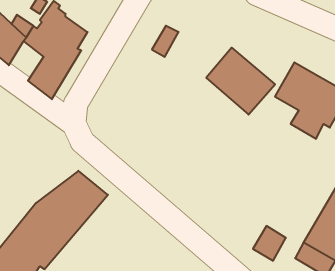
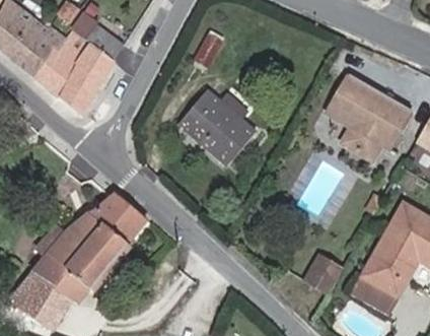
building: none -> [35,51,74,94]
building: [206,48,275,115] -> [180,90,256,164]

